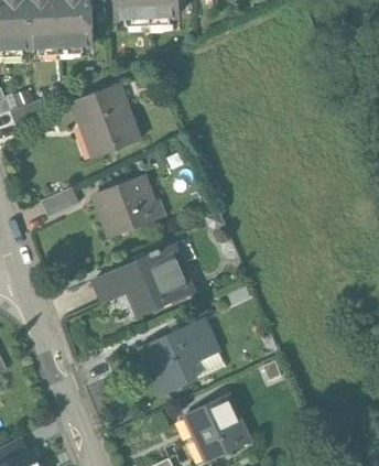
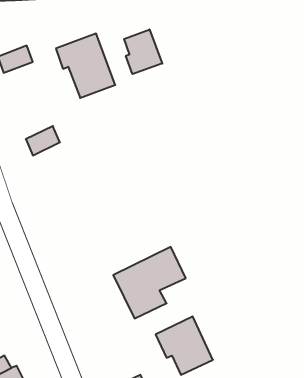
building: none -> [124,29,162,74]
building: [95,176,160,237] -> none
building: [94,247,188,312] -> none

